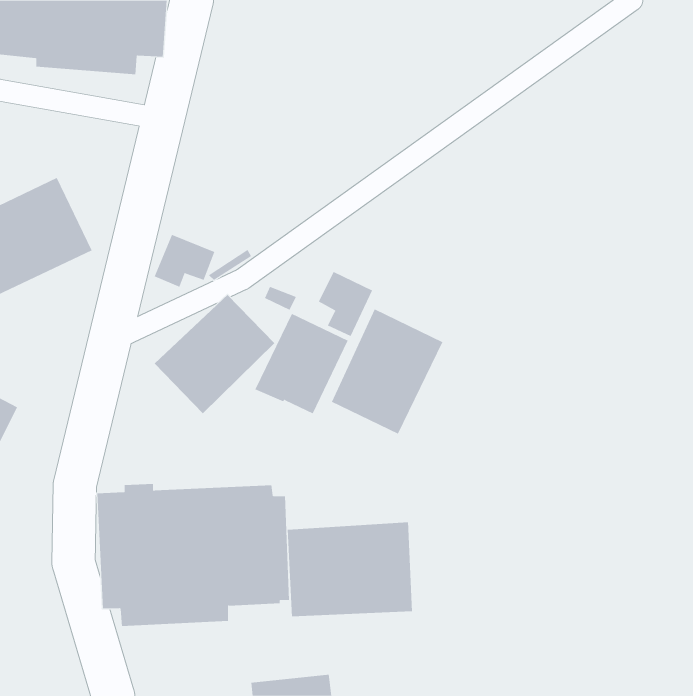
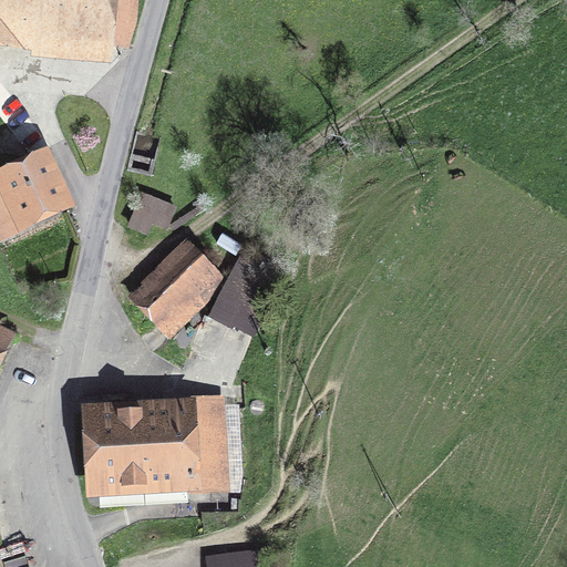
building: [318,271,373,337] -> none
building: [331,309,443,434] -> none
building: [287,522,413,617] -> none

